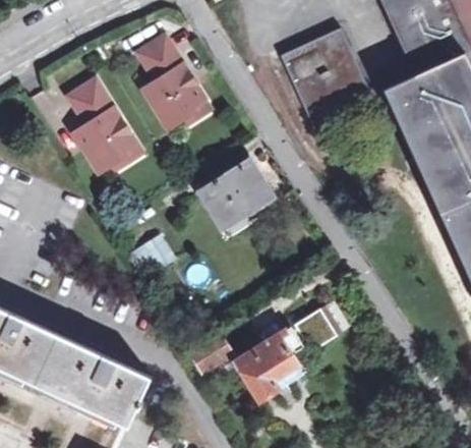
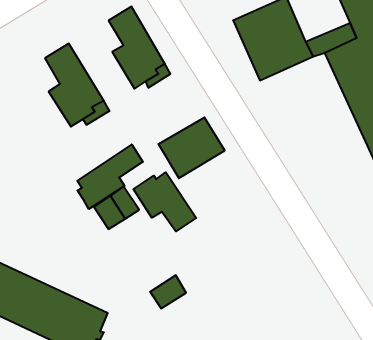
building: none -> [77,144,143,209]
building: none -> [133,172,196,231]
building: [235,310,339,400] -> none

